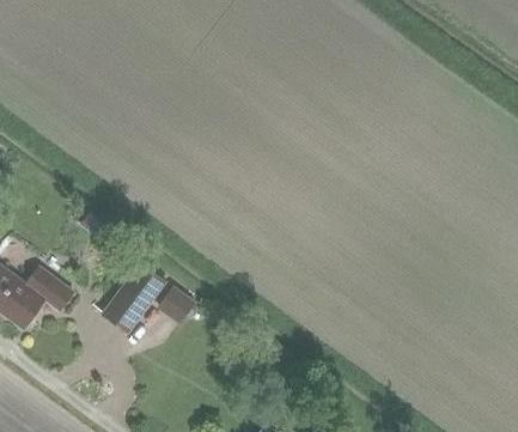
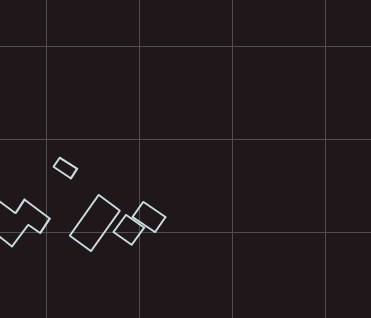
building: none -> [133,202,166,232]

